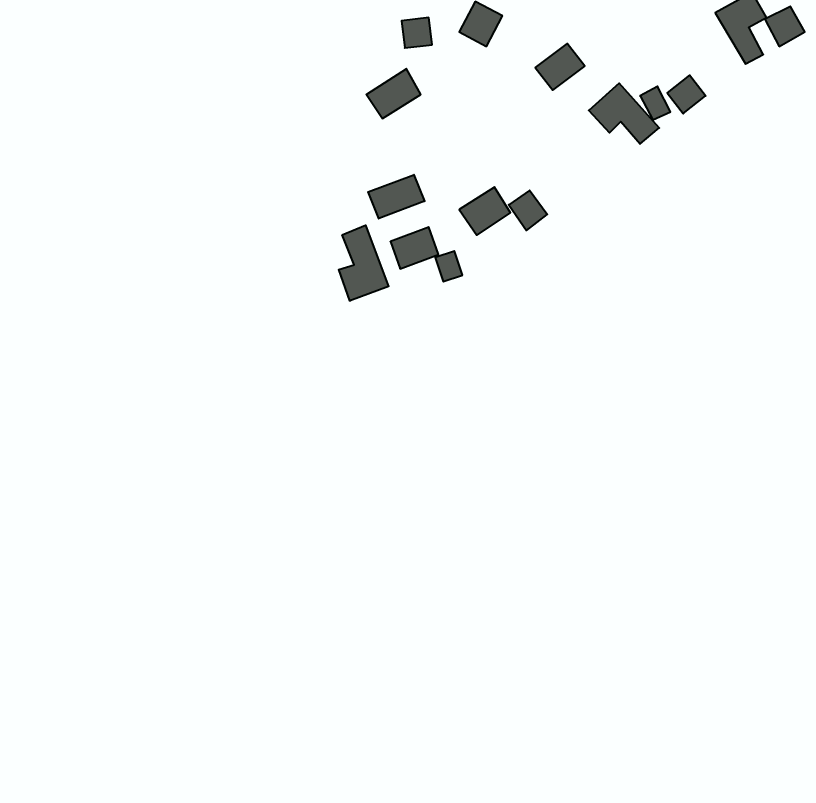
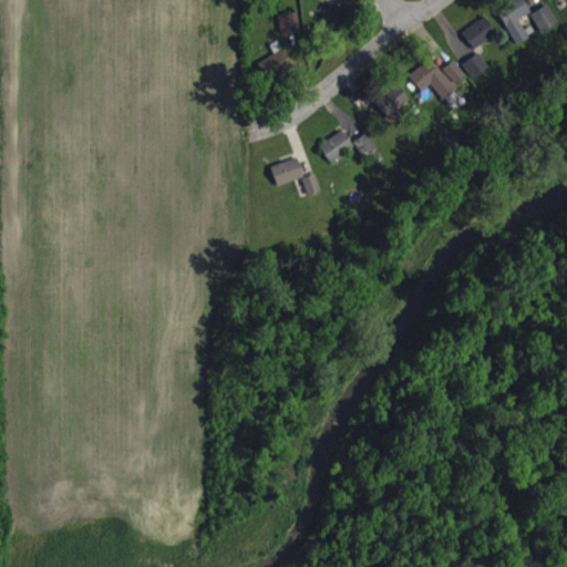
building: none -> [462,16,496,49]
building: [535,44,585,90] -> [374,84,409,116]
building: [368,175,425,219] -> none
building: [339,225,389,301] -> none

